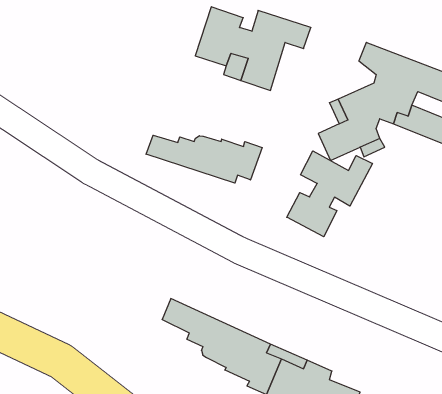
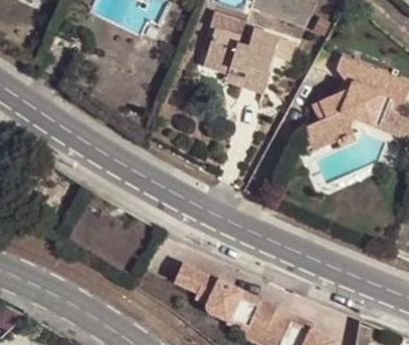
building: [146,135,262,183] -> none
building: [287,151,372,237] -> none

